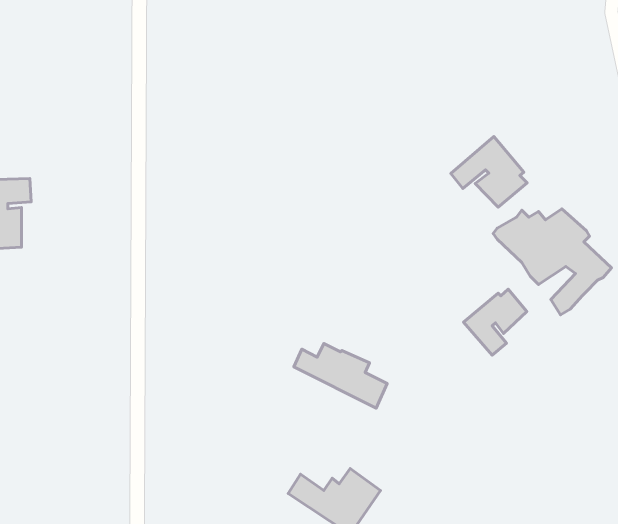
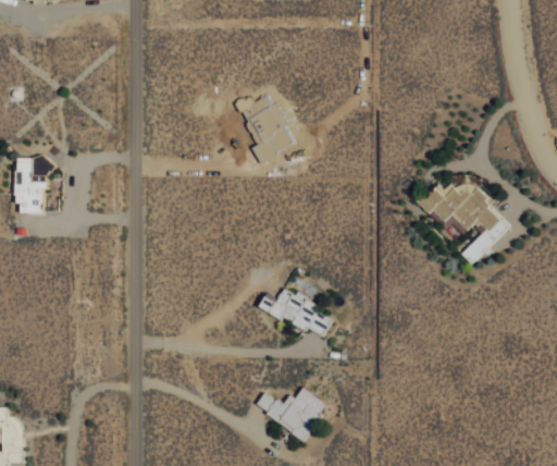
building: [451,136,527,207] -> none
building: [464,289,527,355] -> none

